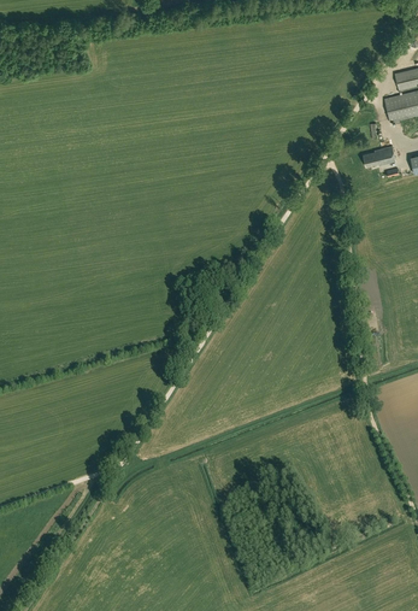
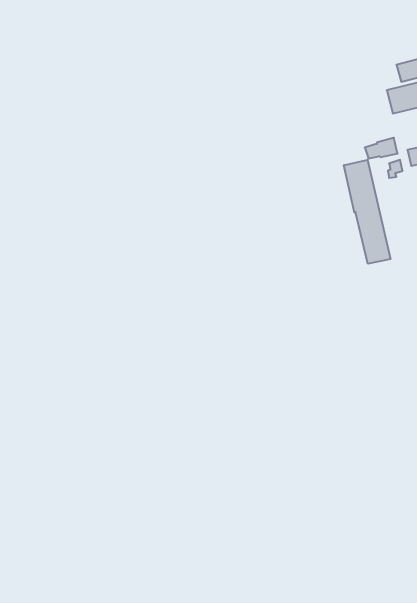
building: none -> [344,160,390,264]

